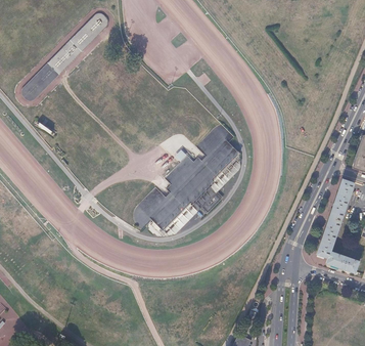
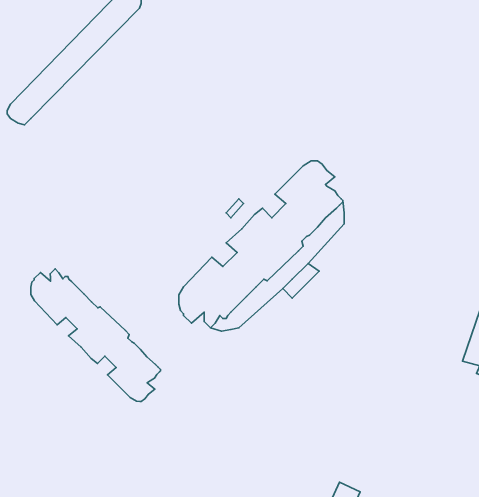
building: none -> [31,269,161,401]

